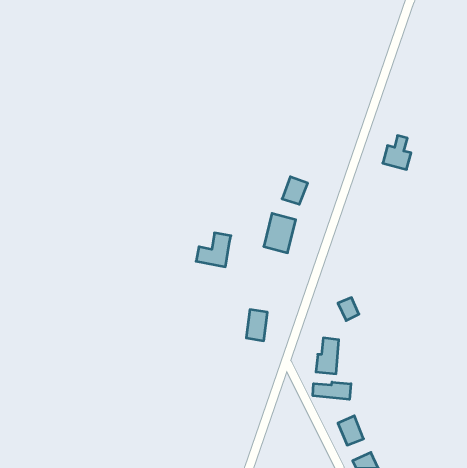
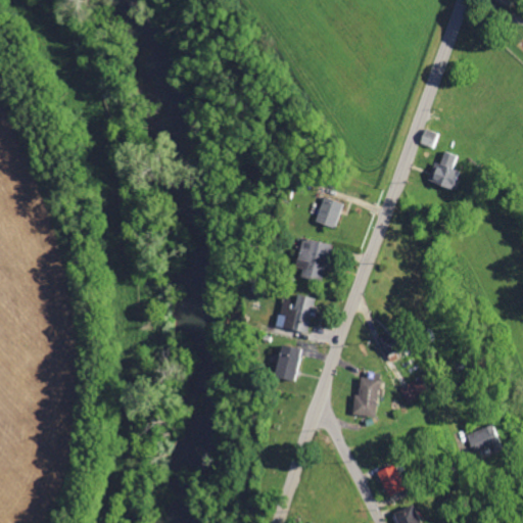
building: [196,233,231,267] -> [276,295,315,333]
building: none -> [467,425,503,453]
building: [313,382,351,399] -> none

